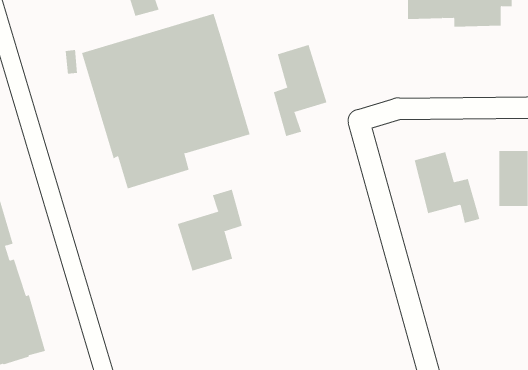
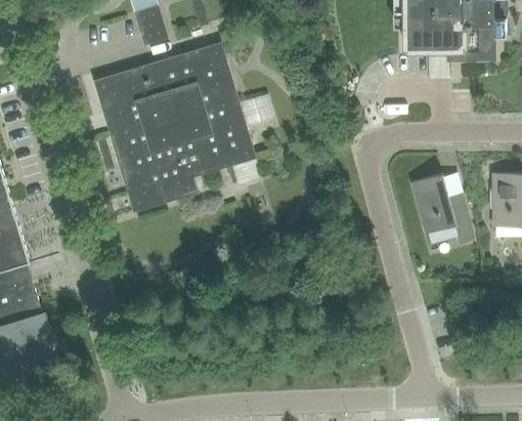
building: [273,44,327,137] -> none
building: [177,189,242,272] -> none

